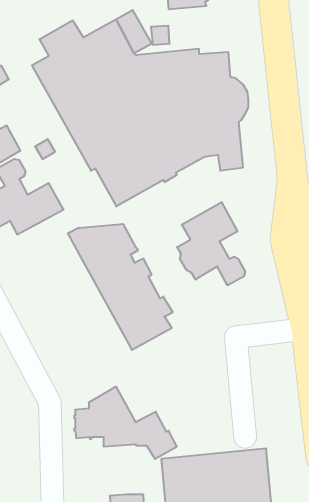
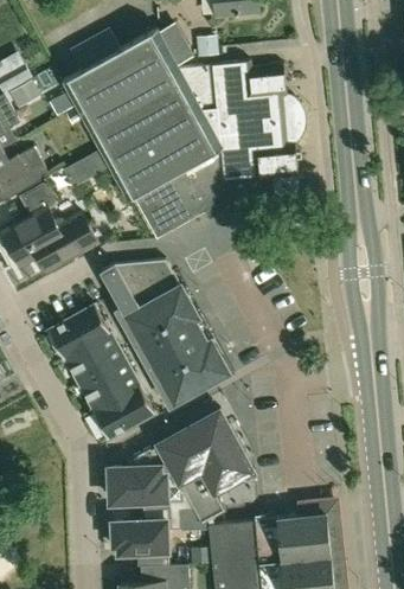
building: [177,202,245,285] -> none
building: none -> [47,305,154,438]
building: none -> [156,409,254,494]
building: none -> [111,508,180,566]

